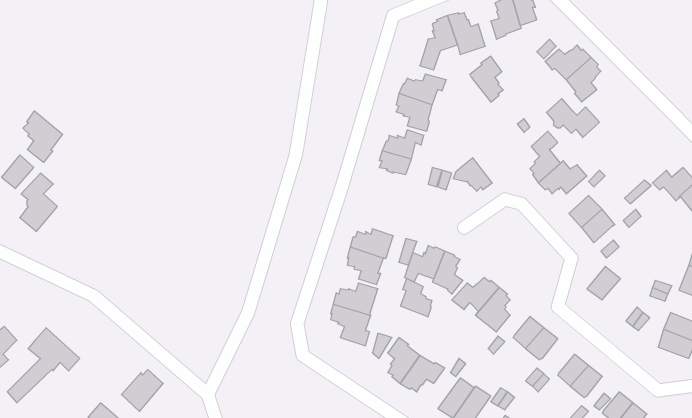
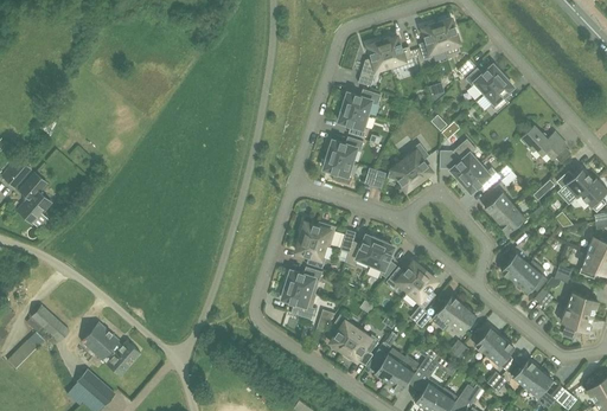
building: [470,56,503,102] -> [402,142,430,181]
building: [546,99,599,138] -> [520,124,566,158]
building: [23,111,63,162] -> none
building: none -> [513,259,547,291]
building: [401,279,432,317] -> none
building: none -> [82,321,121,361]

